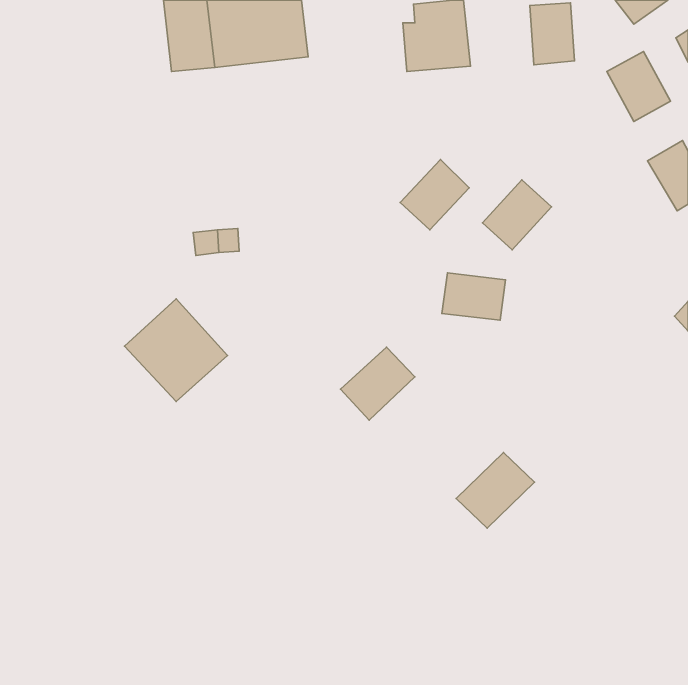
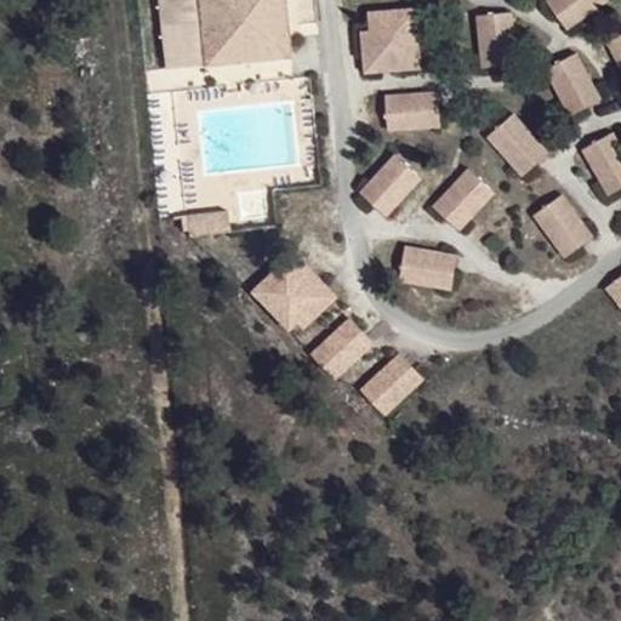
building: none -> [386,90,441,130]
building: none -> [489,118,549,181]
building: none -> [531,194,592,258]
building: [125,299,227,401] -> [246,247,338,340]
building: [456,453,534,528] -> [355,352,426,420]

